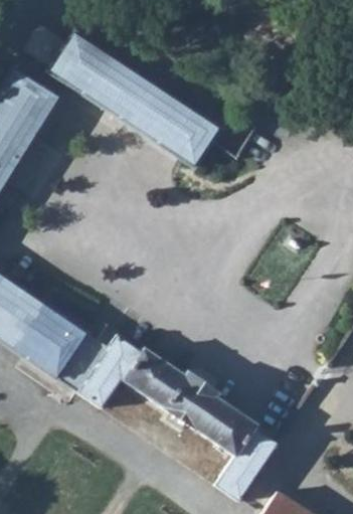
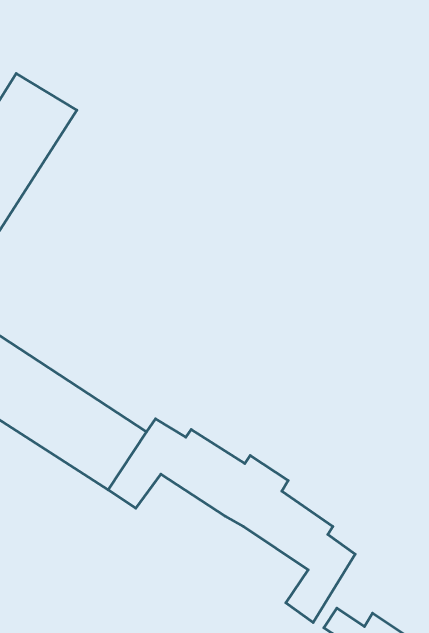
building: [27,30,216,172] -> none

